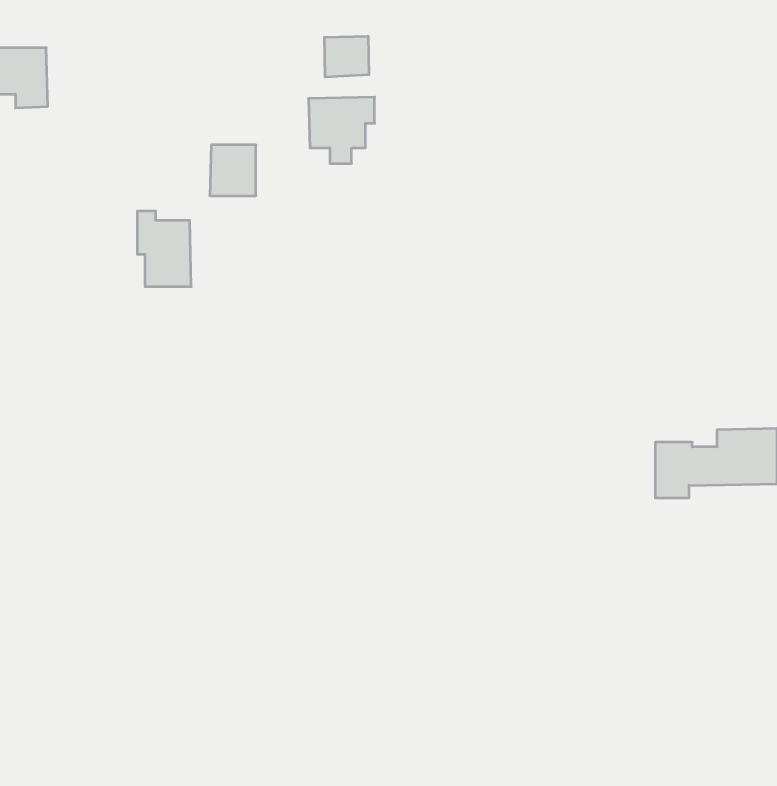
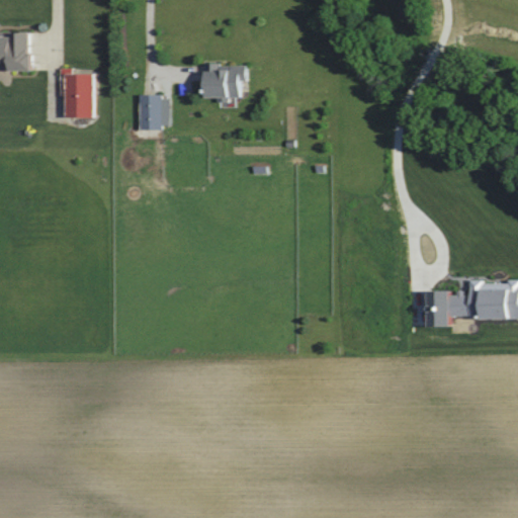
building: [324,36,369,77] -> none
building: [137,211,191,287] -> [59,69,94,118]

